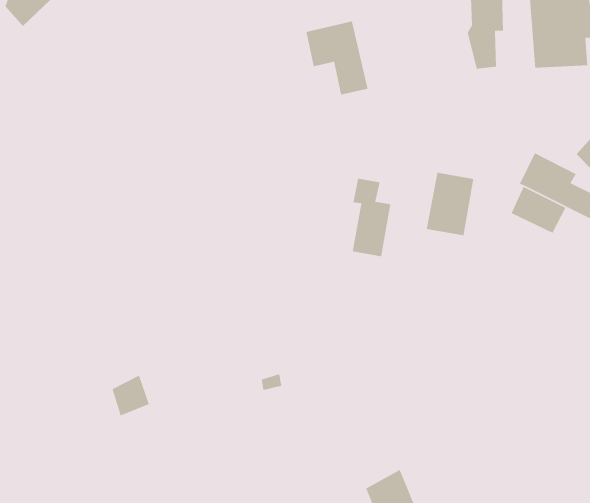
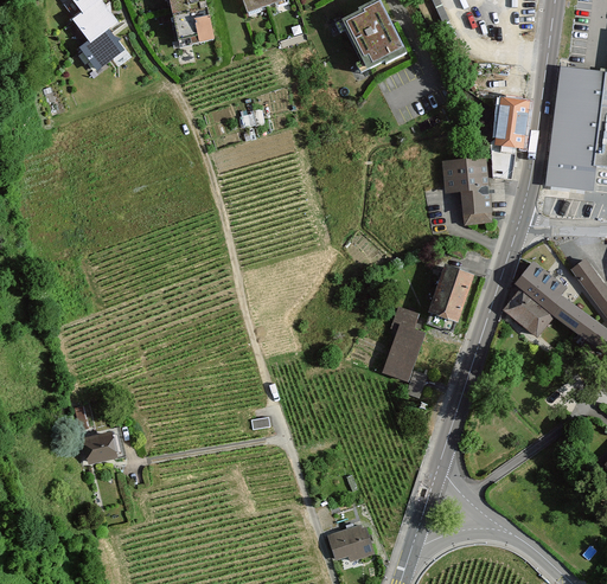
building: [305,21,369,96] -> [443,156,491,222]
building: [352,178,391,257] -> [382,306,424,380]
building: [111,375,150,416] -> [82,428,114,462]

